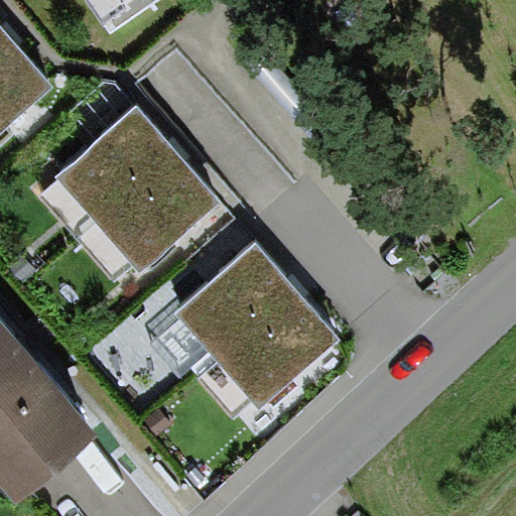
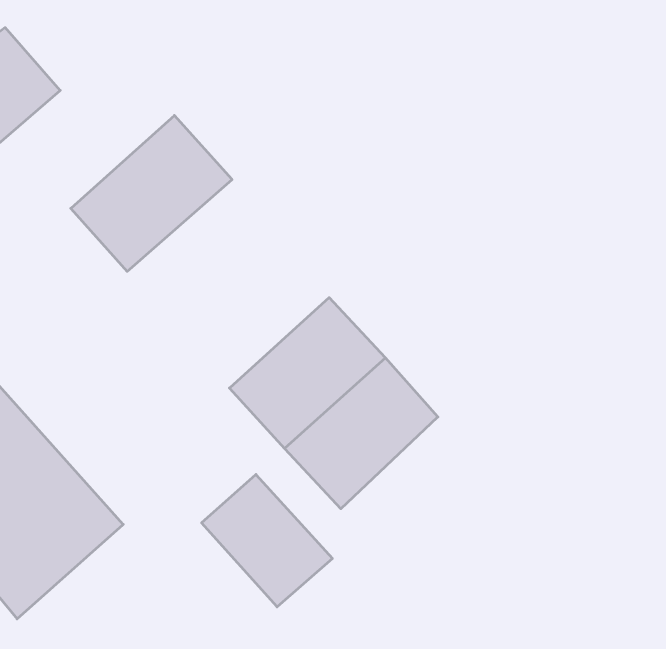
building: [98,154,219,270] -> none
building: none -> [202,474,332,607]

